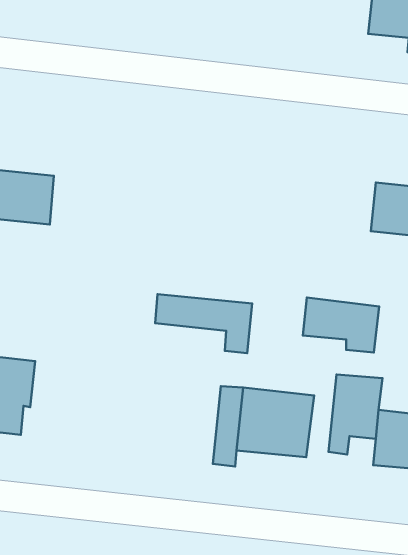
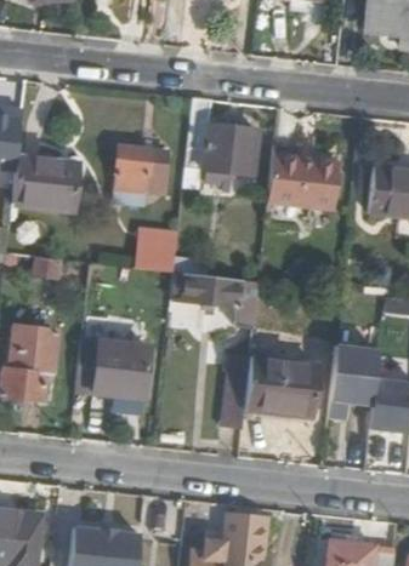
building: none -> [183,98,256,176]
building: none -> [112,150,163,206]
building: none -> [137,228,176,264]
building: [303,297,379,353] -> [268,154,339,205]
building: none -> [95,338,149,394]

